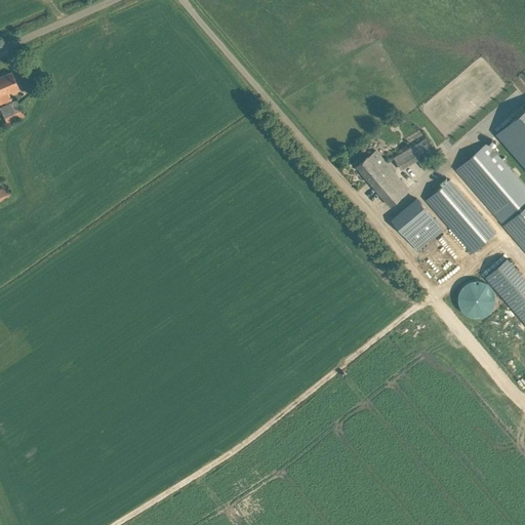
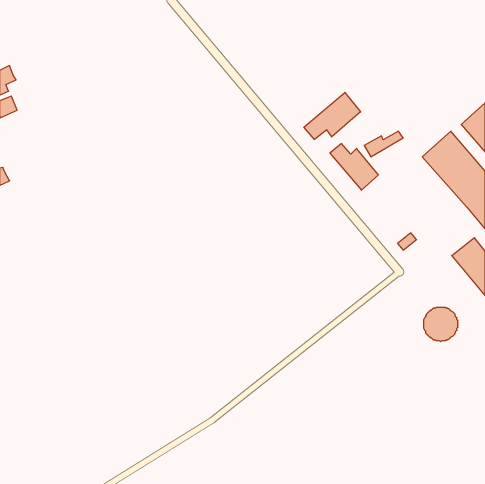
building: none -> [304,92,361,139]
building: [425,180,495,254] -> none
building: [391,199,443,251] -> none
building: [459,280,496,317] -> [424,307,458,342]

